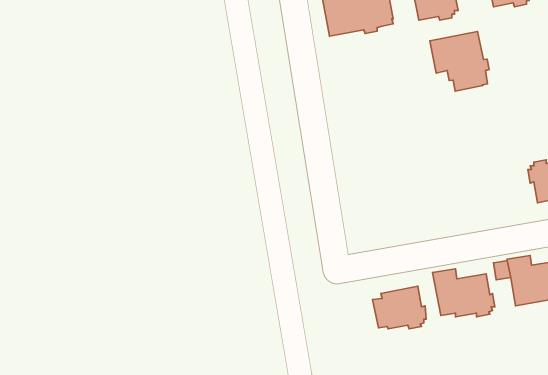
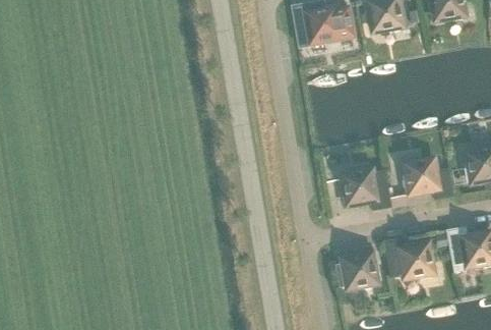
building: [430,31,489,91] -> none
building: none -> [402,159,453,199]
building: none -> [340,170,391,210]

